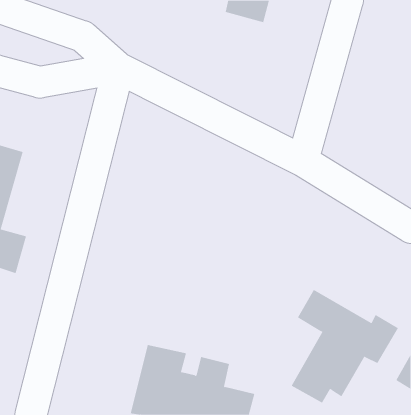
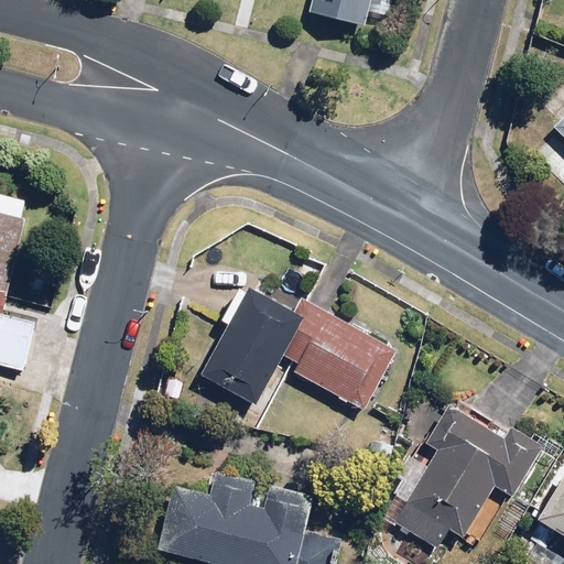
building: none -> [197,283,397,412]

